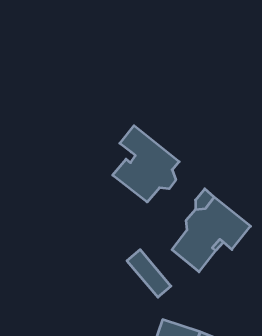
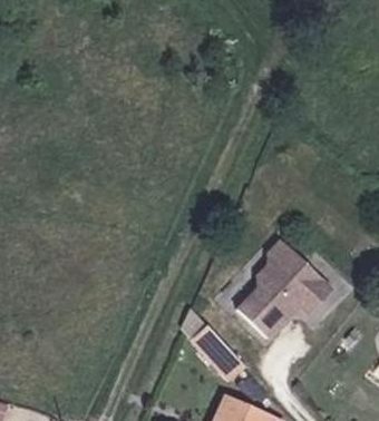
building: [113,126,179,202] -> none

